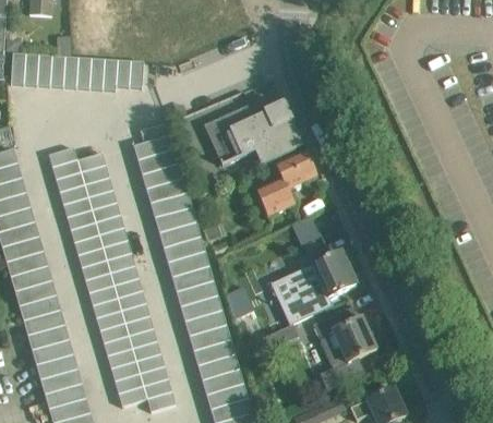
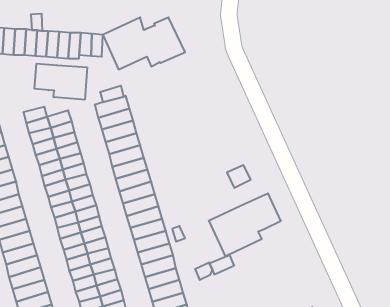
building: none -> [35,64,87,100]
building: [205,104,303,166] -> [103,17,185,69]
building: [256,150,317,215] -> none
building: [314,305,377,368] -> none

